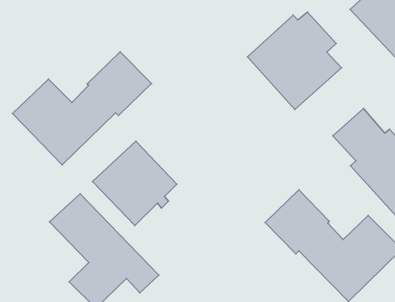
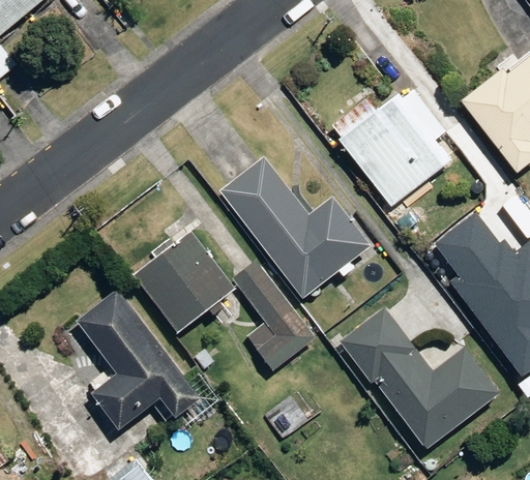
building: [13,52,152,165] -> none
building: none -> [220,156,372,298]
building: none -> [232,261,315,370]

